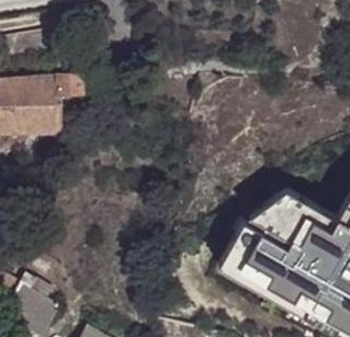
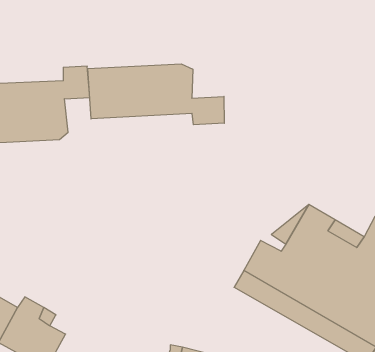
building: none -> [88,64,224,125]

